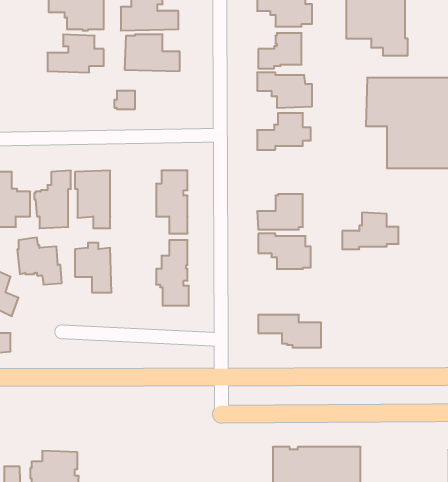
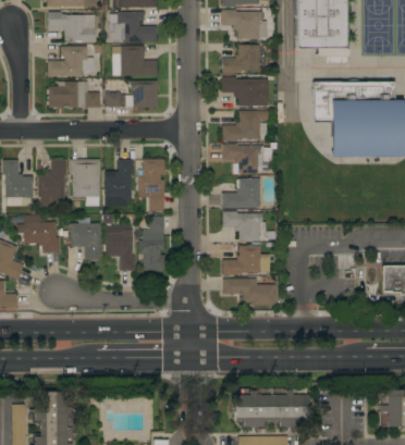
building: none -> [125,81,158,108]
building: none -> [48,82,100,109]
building: none -> [222,145,263,173]
building: none -> [106,159,134,207]
building: [342,213,399,249] -> [223,245,270,275]
building: none -> [106,226,135,271]

